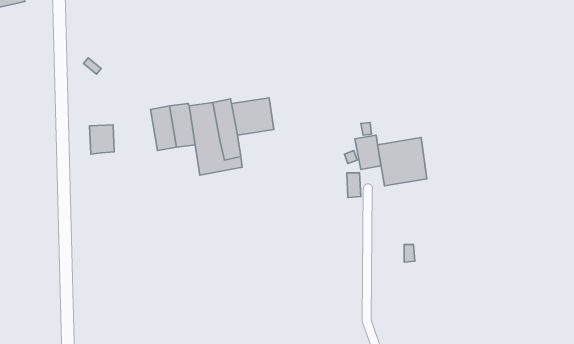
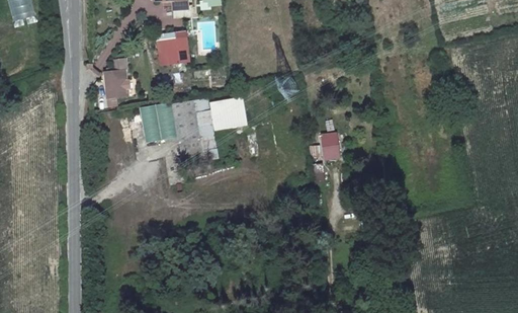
building: none -> [155,29,188,64]
building: [90,125,114,154] -> [105,71,126,96]
building: [378,137,427,186] -> none

